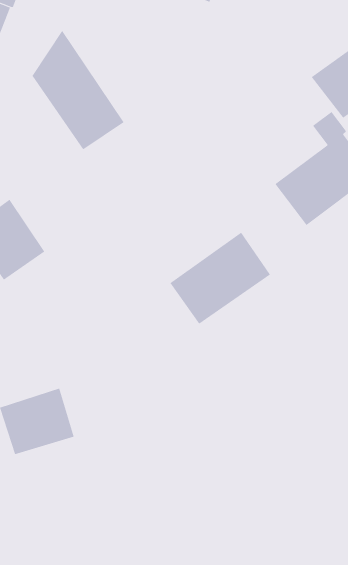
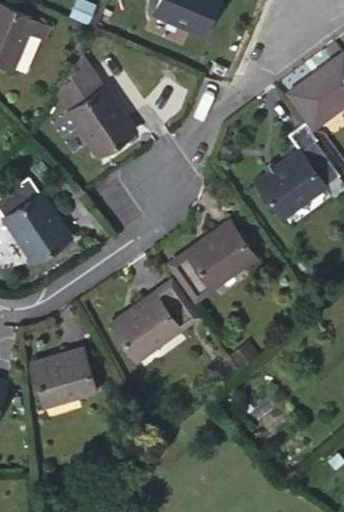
building: none -> [111,283,194,359]

